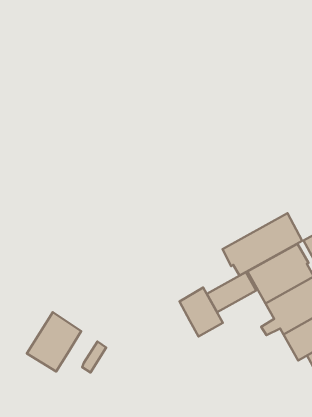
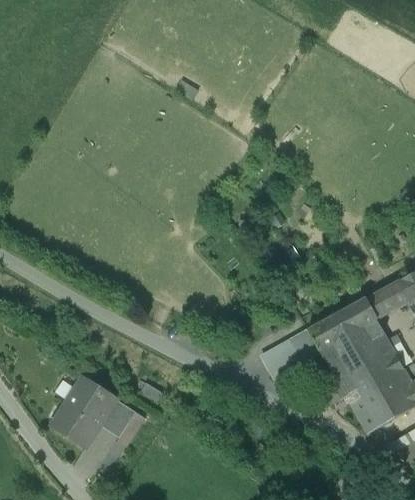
building: [223,213,302,276] -> none
building: [179,287,223,336] -> none
building: none -> [99,398,134,435]

